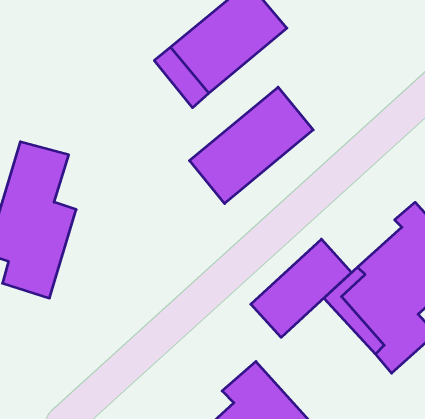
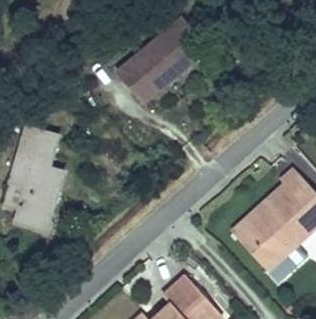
building: [189,87,313,204] -> none
building: [251,239,352,337] -> none

